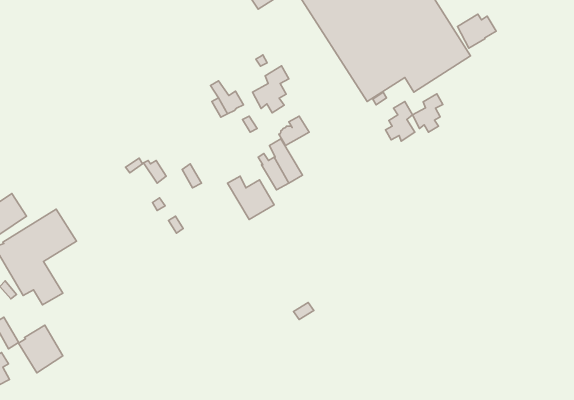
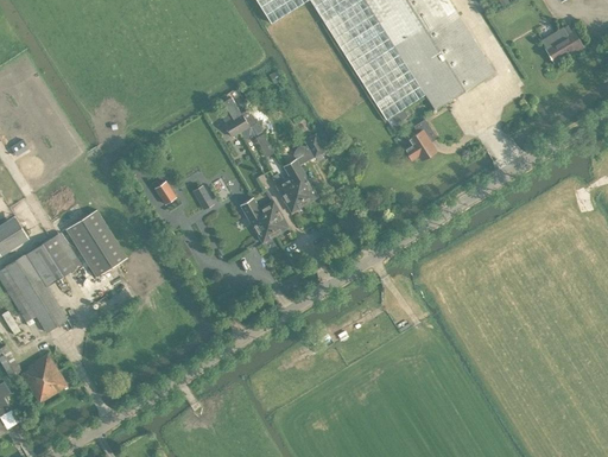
building: [458,14,496,48] -> [542,27,582,63]
building: [253,66,289,113] -> none
building: [413,94,443,132] -> none
building: none -> [66,209,127,277]

